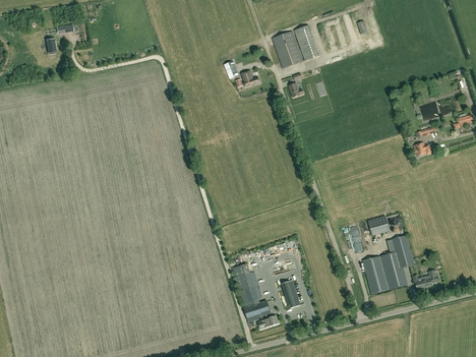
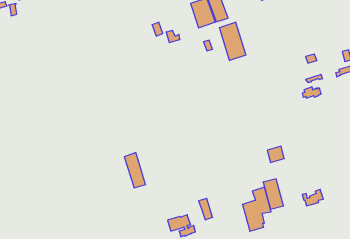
building: none -> [219,22,246,61]
building: [379,235,415,290] -> [242,187,271,231]
building: [233,263,259,307] -> [124,153,146,188]

